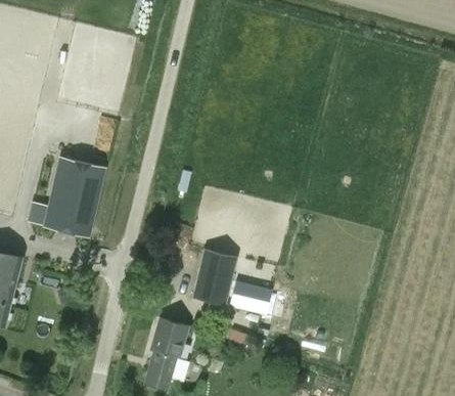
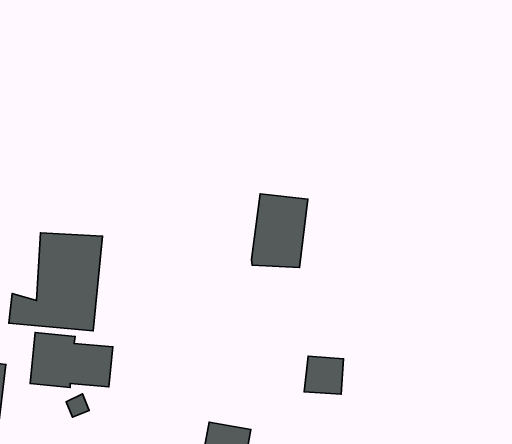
building: none -> [30,333,113,387]
building: [192,249,237,304] -> [252,194,308,268]

